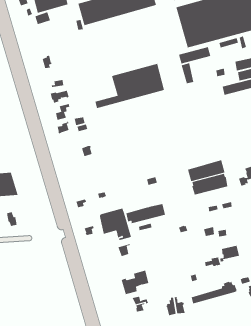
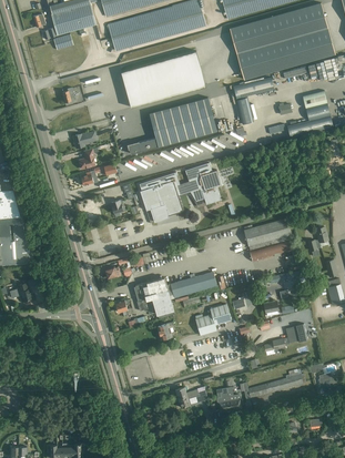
building: none -> [120,51,205,106]
building: none -> [138,162,221,222]
building: [121,270,149,295] -> [194,304,230,335]

